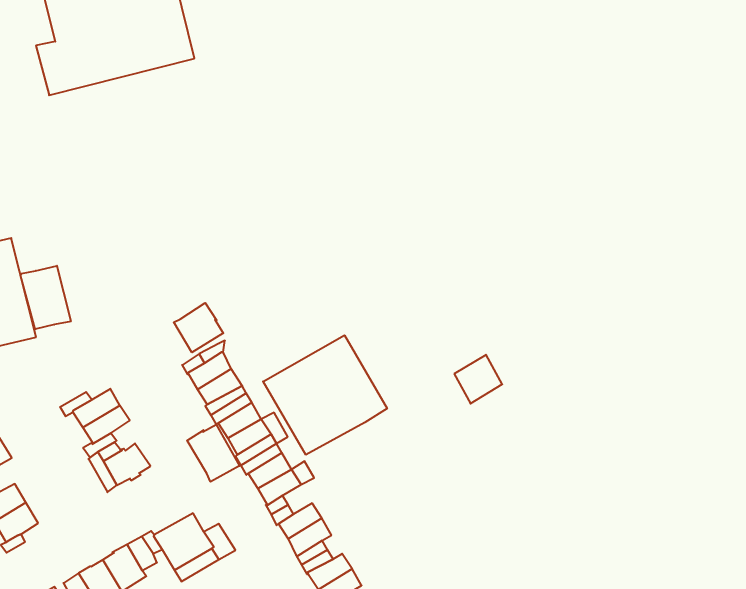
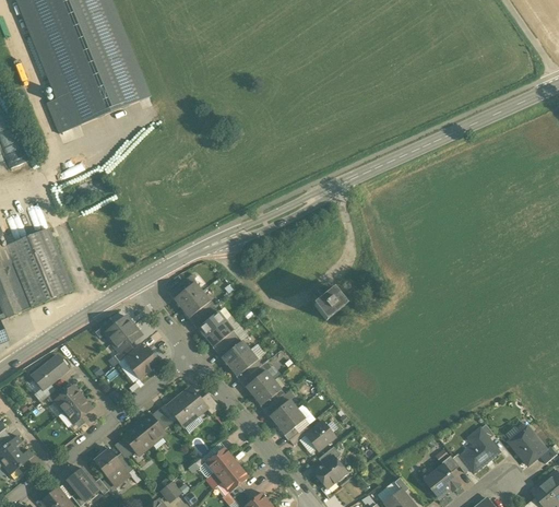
building: [21,266,71,329] -> none
building: [174,303,223,352] -> none
building: [263,335,387,455] -> none
building: [454,355,502,404] -> [312,287,344,320]
building: [187,425,240,482] -> none

